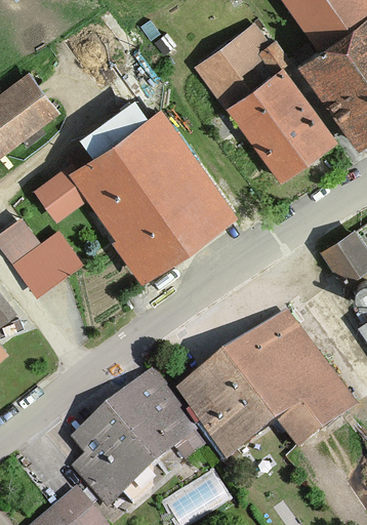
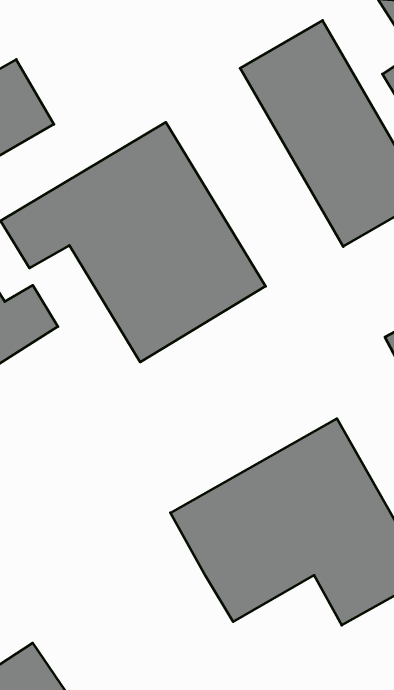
building: [59,371,199,503] -> none

